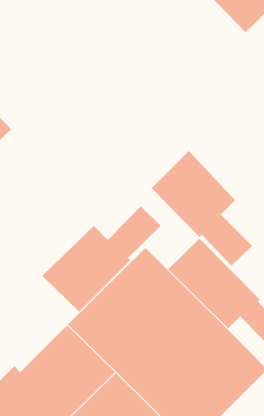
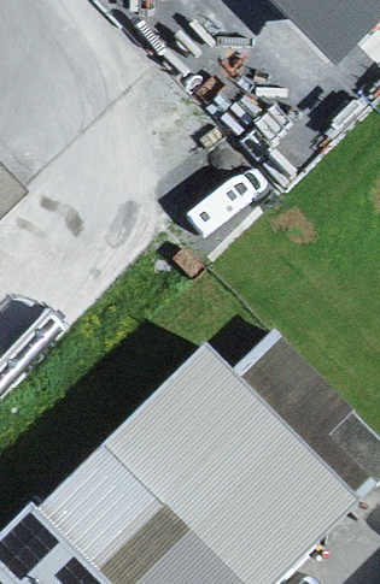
building: [151,150,253,267] -> none
building: [42,205,161,313] -> none

